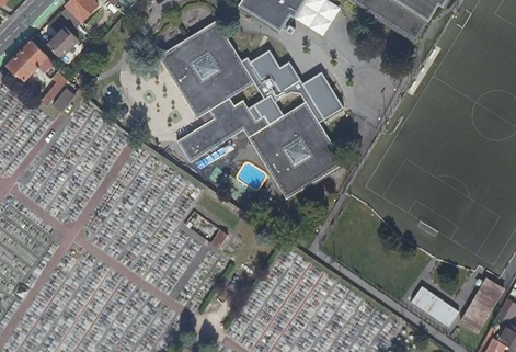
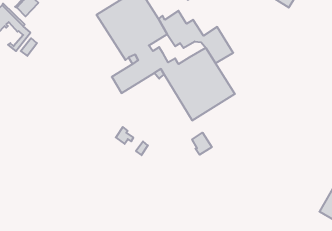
building: [248,93,283,122] -> none
building: none -> [192,133,212,155]
building: [413,287,460,328] -> none

